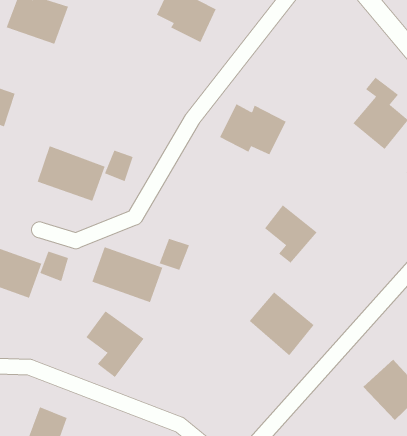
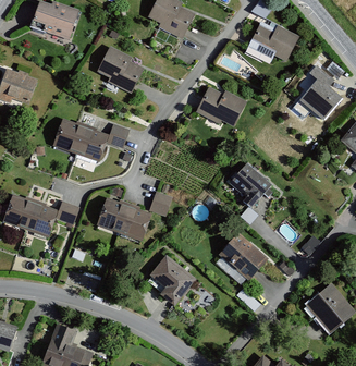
building: none -> [243,16,298,63]
building: none -> [96,46,144,95]
building: [86,311,144,378] -> [150,256,196,308]

